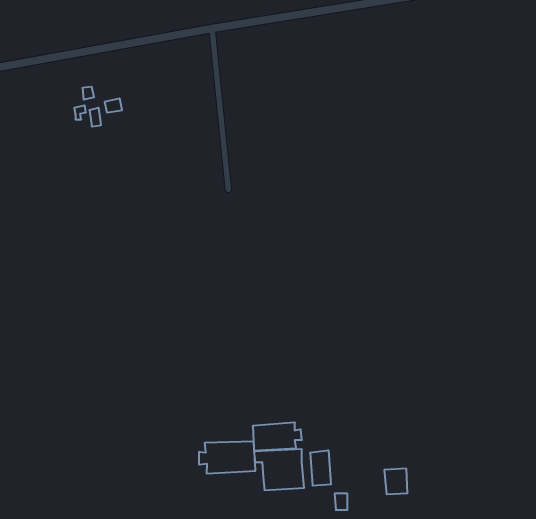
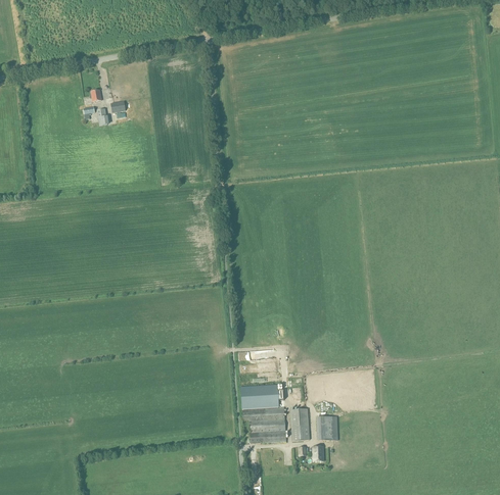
building: [199,441,255,474] -> none
building: [384,469,408,494] -> [317,416,337,439]

